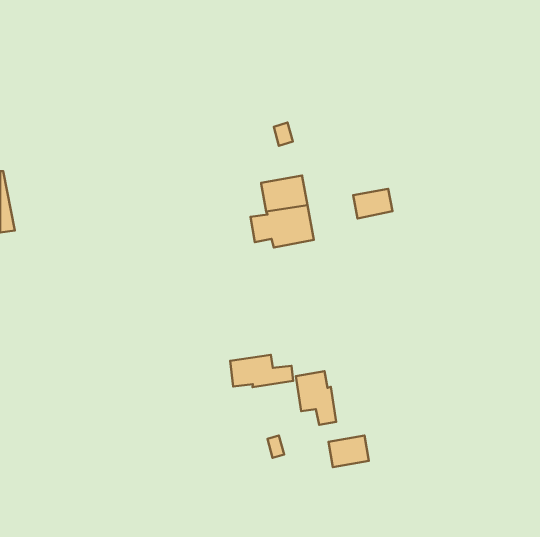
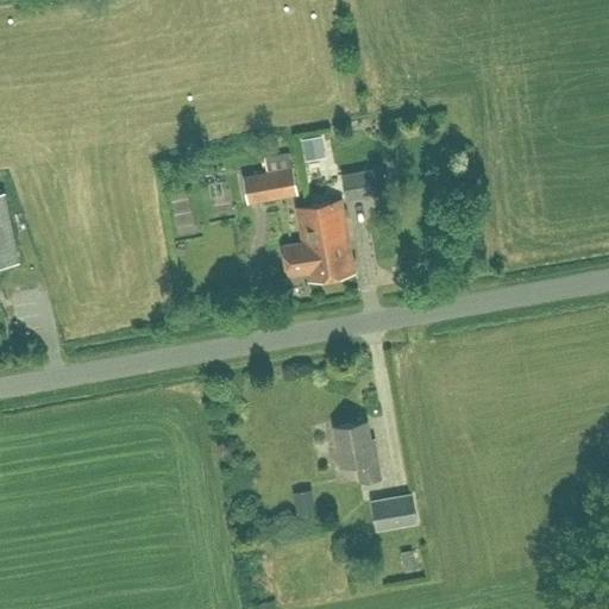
building: none -> [258,171,295,205]
building: [353,189,392,219] -> [340,169,384,202]
building: [230,355,293,387] -> none

